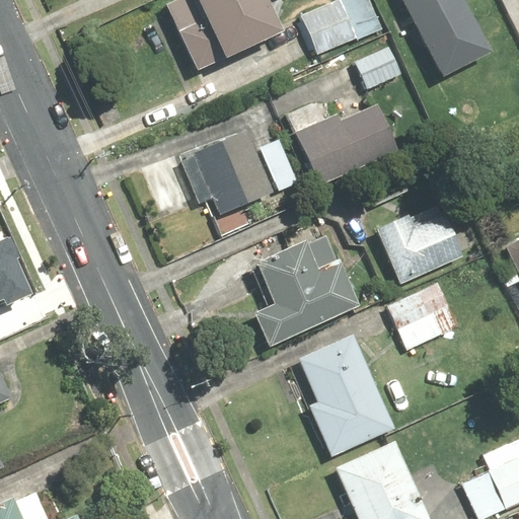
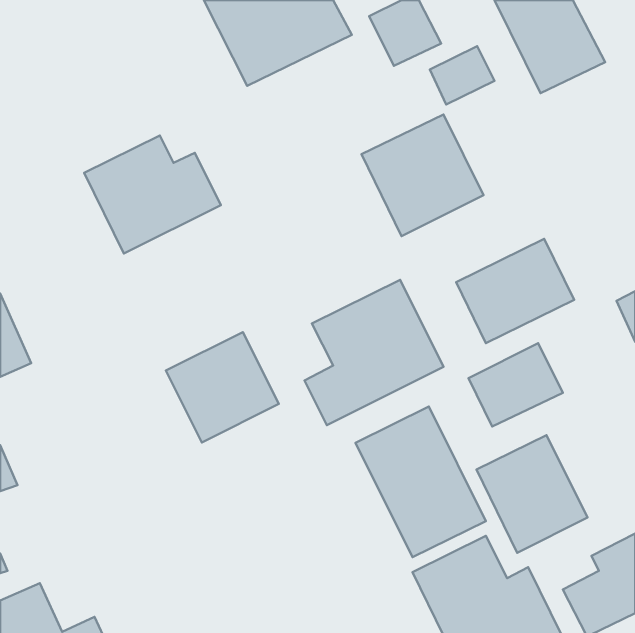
building: [190,125,301,221] -> [84,135,221,254]
building: none -> [166,332,279,443]
building: none -> [477,435,588,553]

